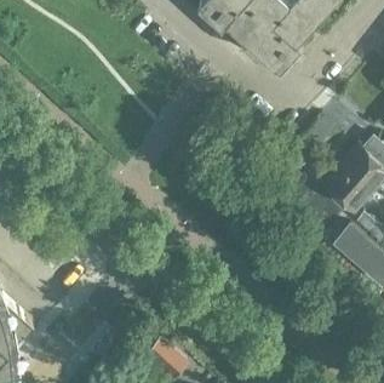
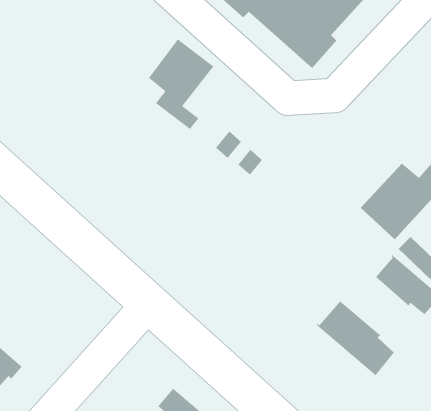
building: none -> [148,39,214,130]
building: none -> [316,301,394,376]

